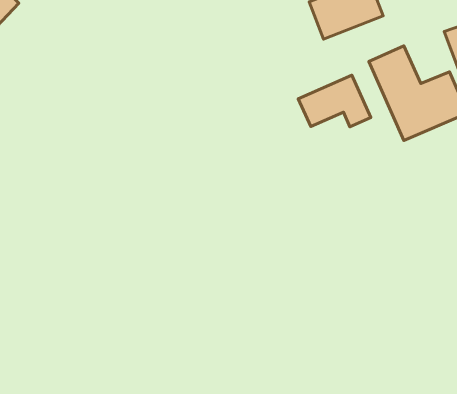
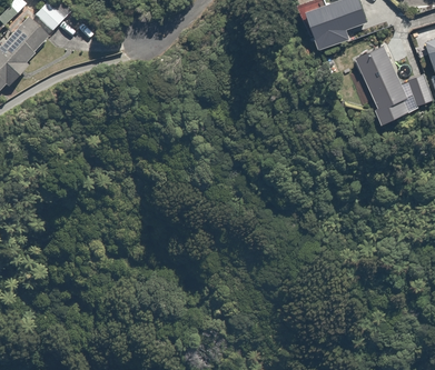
building: [298,75,371,127] -> none

